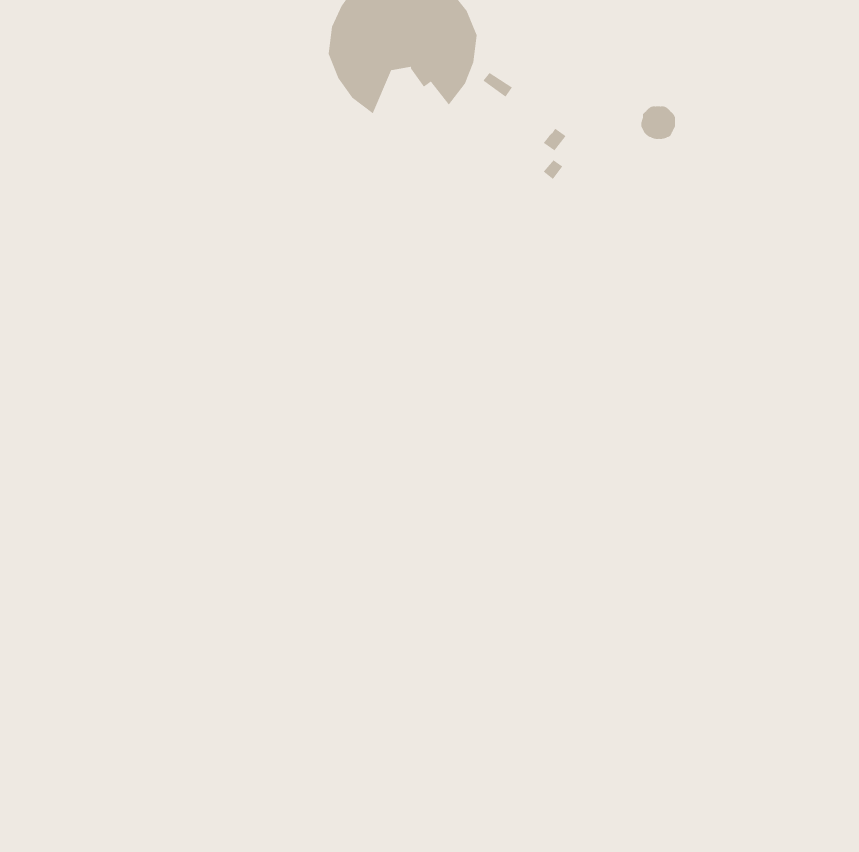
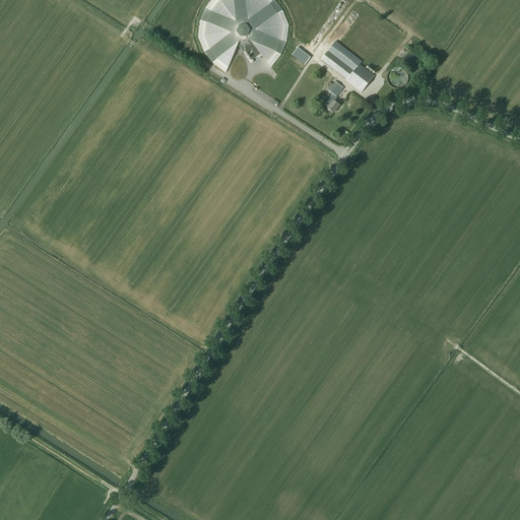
building: none -> [321,47,375,88]

